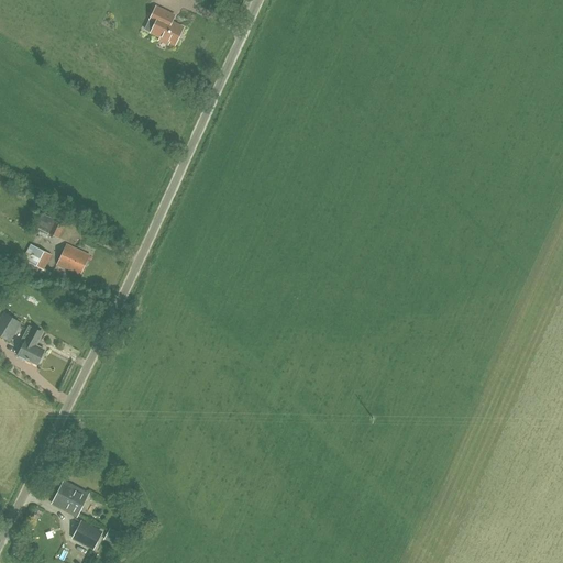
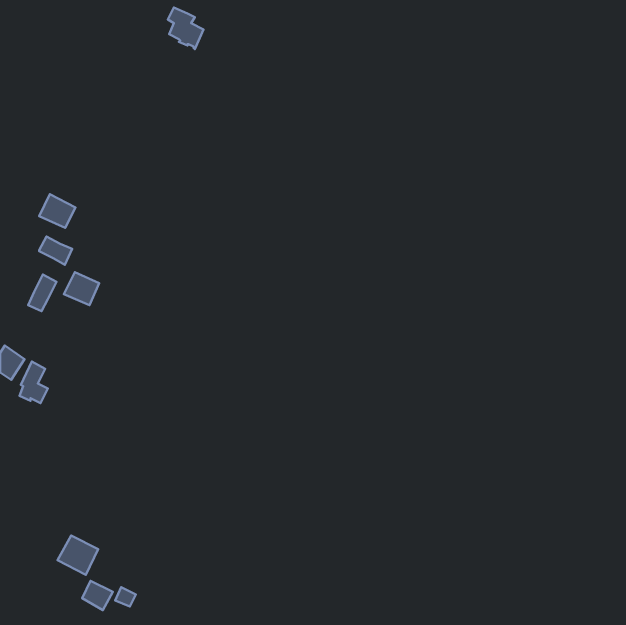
building: none -> [39,194,76,228]

